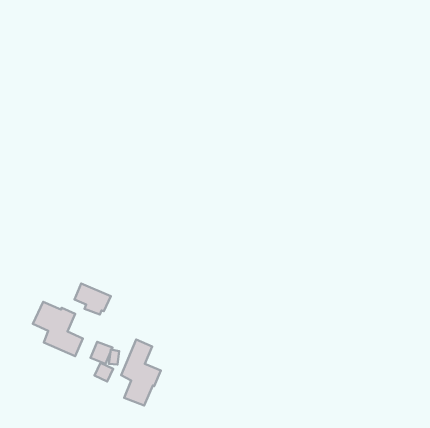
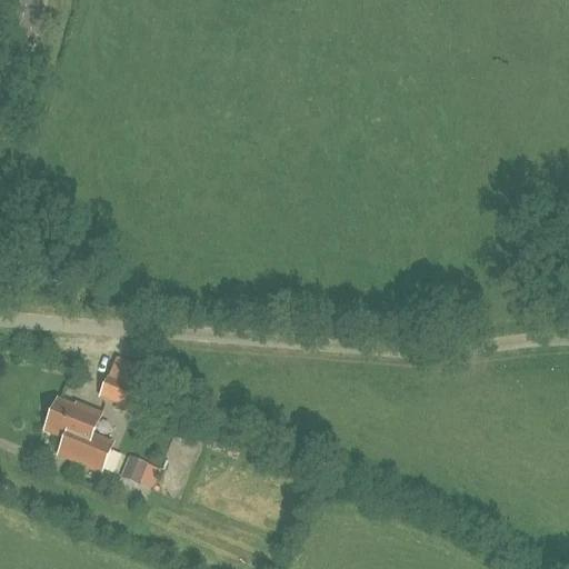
building: [121,340,161,406] -> none

